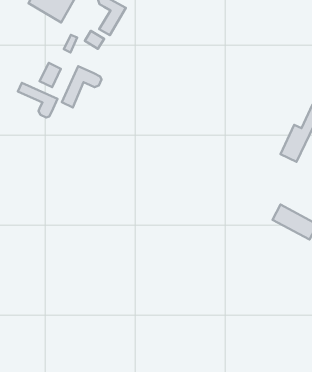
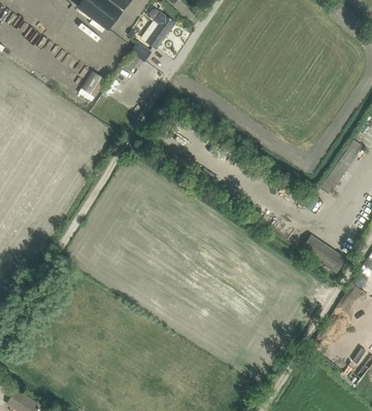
building: [62,66,101,107] -> none
building: [18,83,57,117] -> none

